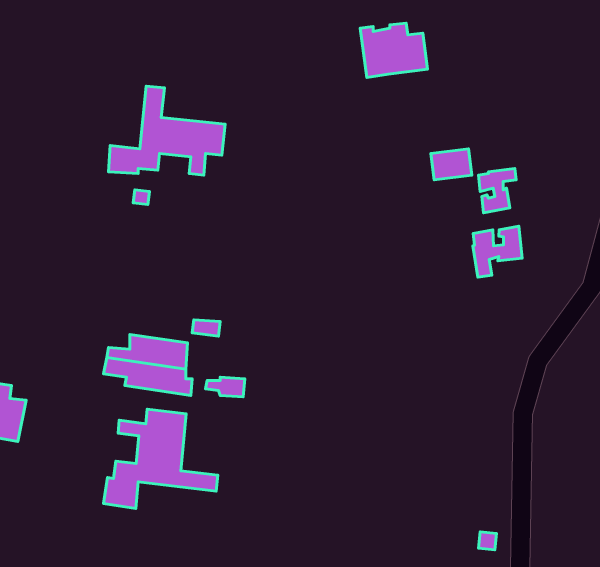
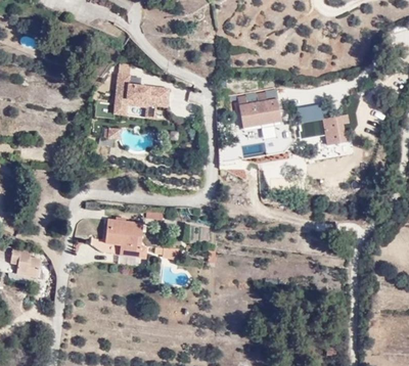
building: [360,23,428,78] -> [240,93,282,127]
building: [473,226,522,277] -> none
building: [103,409,218,508] -> none

